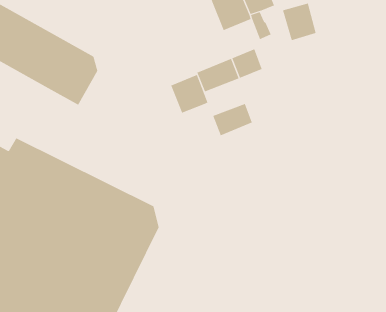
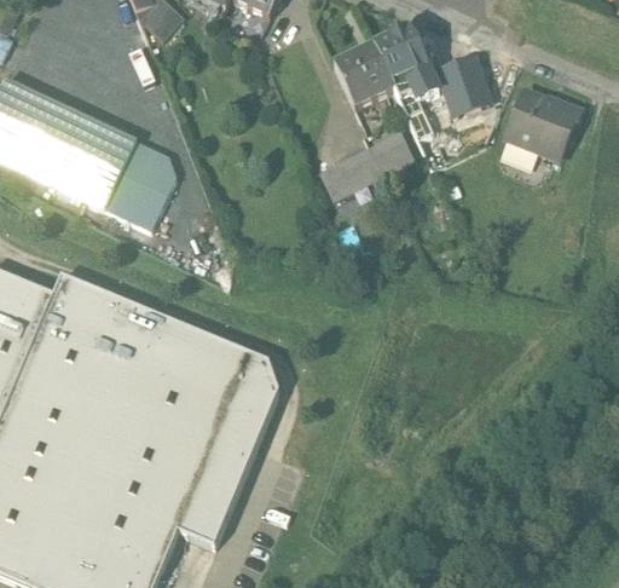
building: none -> [504,91,578,155]
building: [171,74,208,114] -> none
building: [213,103,253,136] -> none

